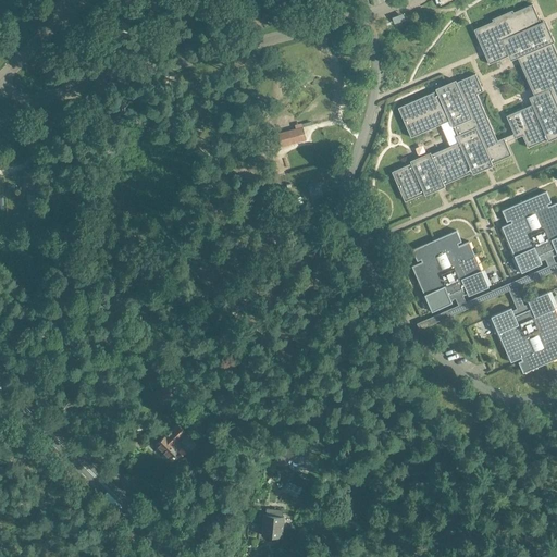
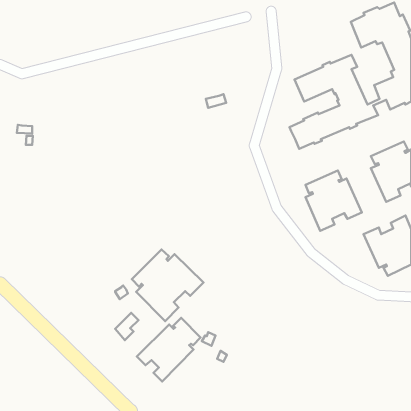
building: none -> [132,250,204,321]
building: none -> [137,318,200,382]
building: [262,509,283,537] -> none

